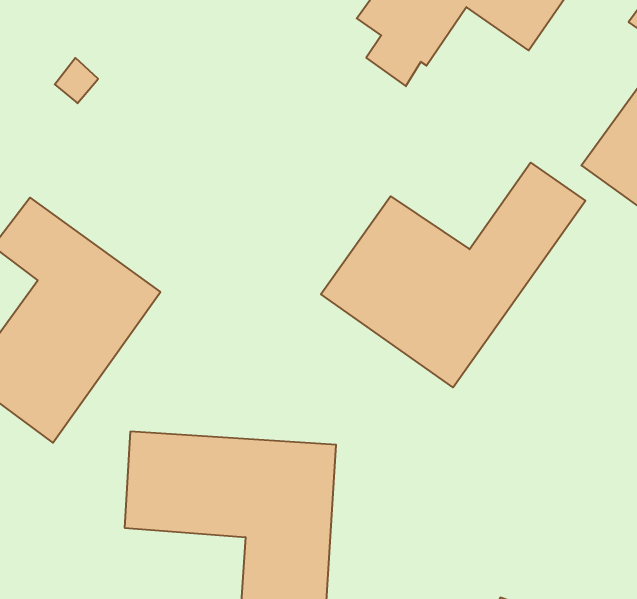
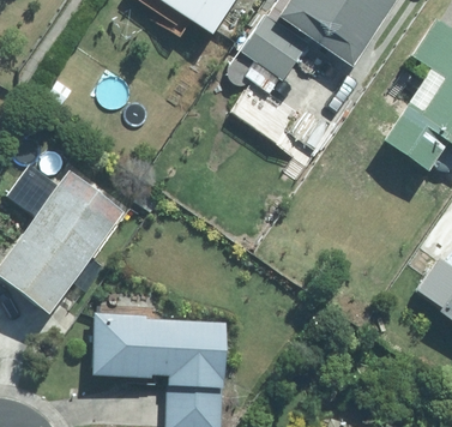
building: [321,163,585,387] -> none

